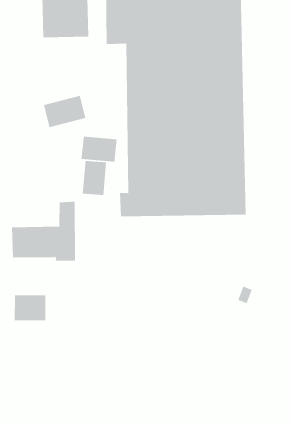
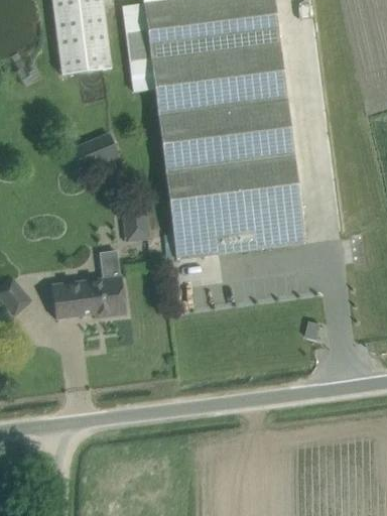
building: [81,136,117,163] -> none
building: [14,294,46,321] -> none

